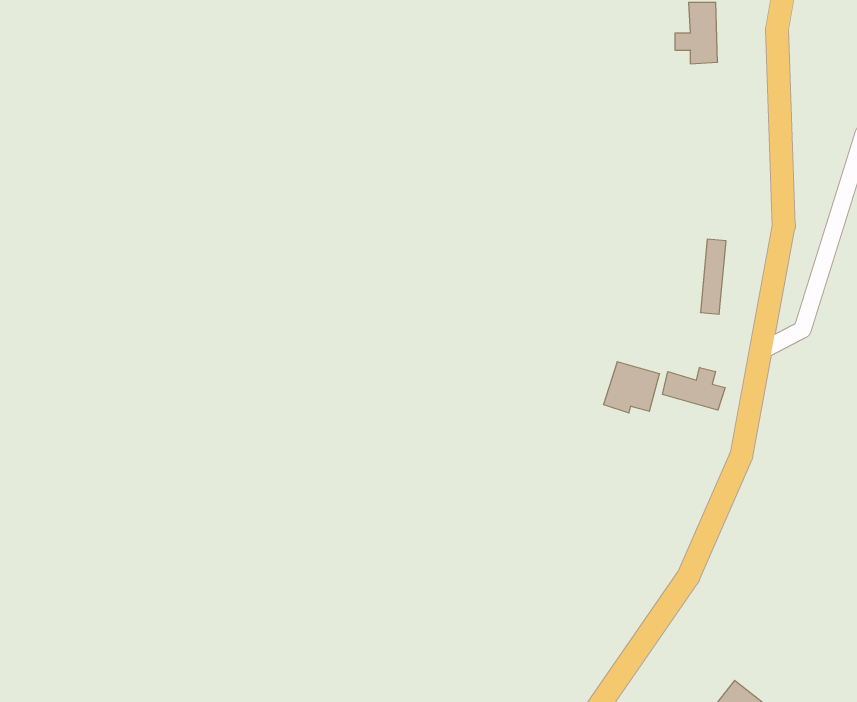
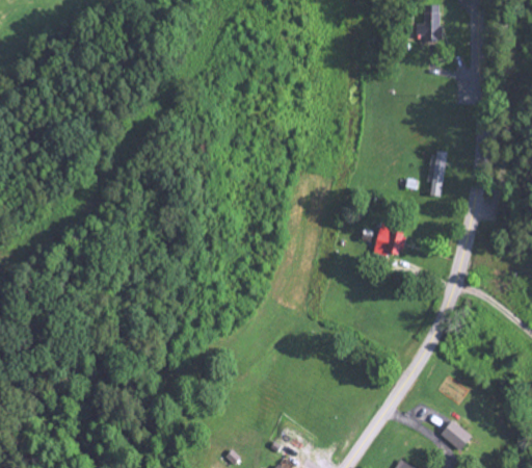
building: [662,367,725,410] -> none

